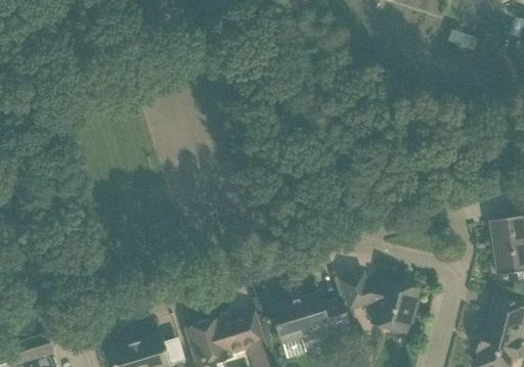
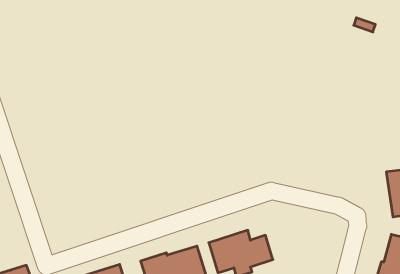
building: [342,275,418,333] -> none

